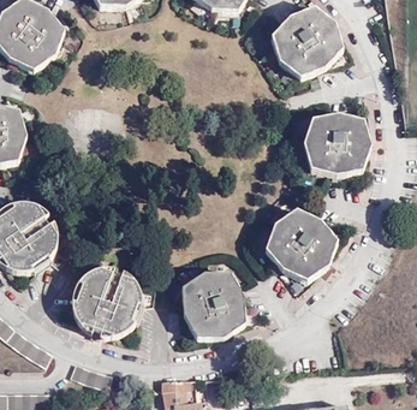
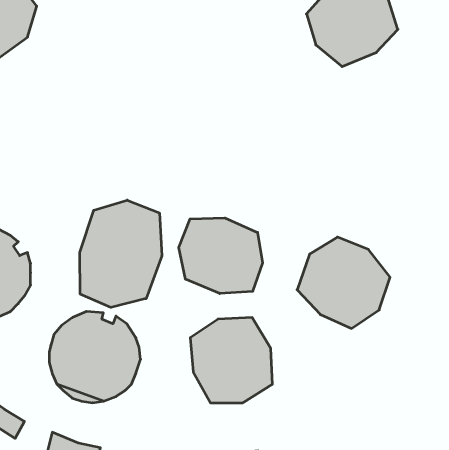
building: [303,114,371,177] -> none
building: none -> [80,200,162,307]
building: none -> [179,218,263,294]

